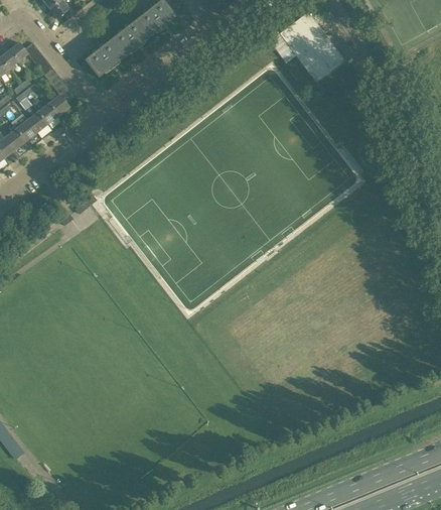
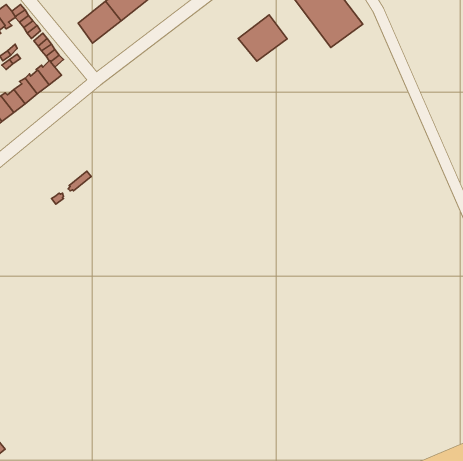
building: none -> [238,15,287,61]

